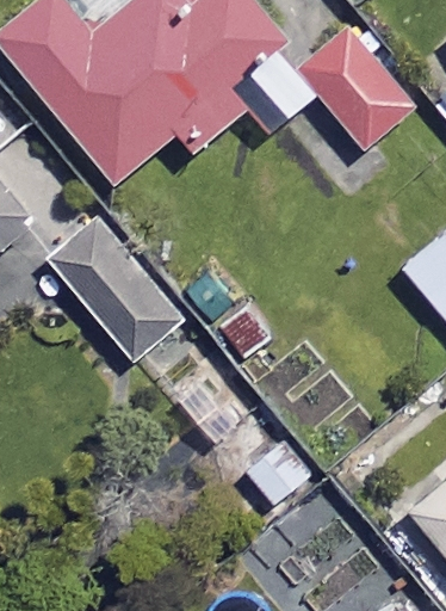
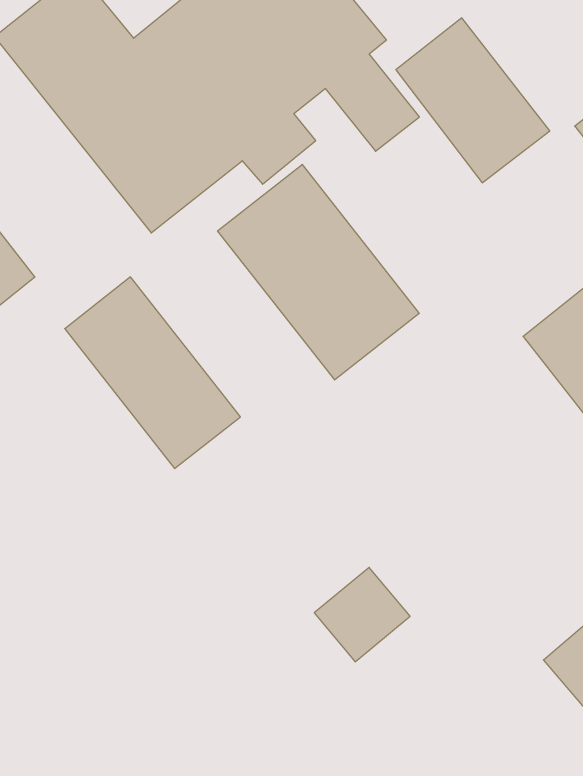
building: none -> [218,164,419,380]

